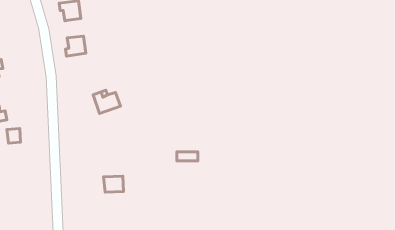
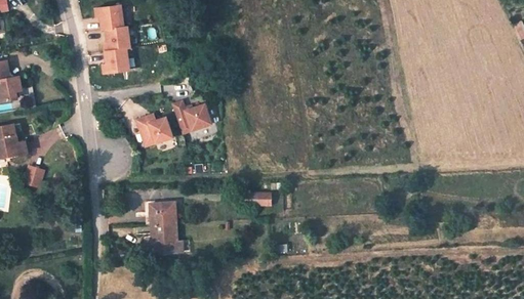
building: none -> [103,24,128,49]
building: none -> [171,102,209,132]
building: none -> [149,204,174,226]

